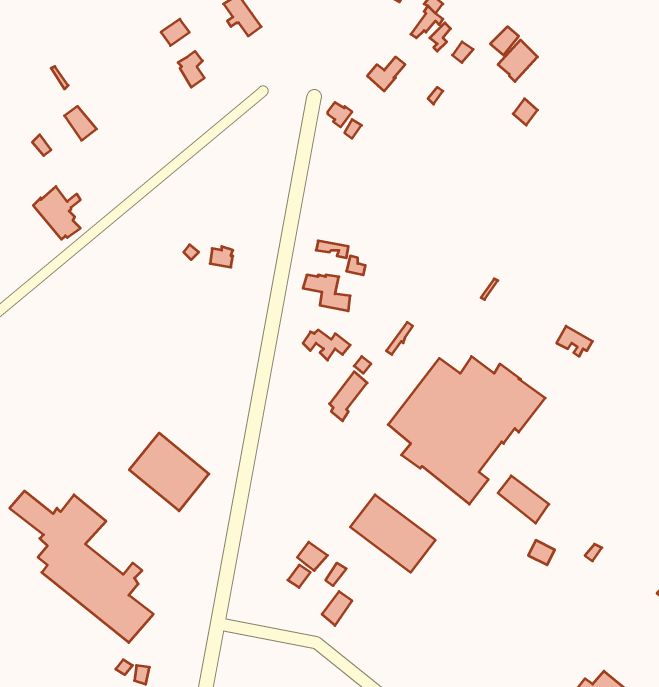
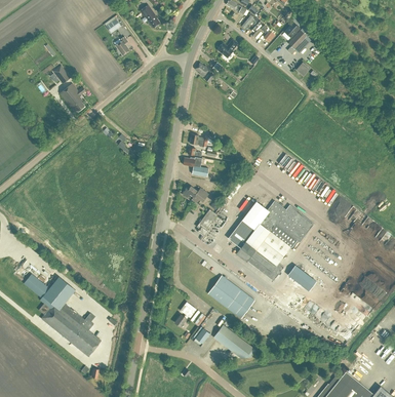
building: [33,186,80,239] -> [60,83,85,112]
building: [129,433,209,511] -> none
building: none -> [213,324,255,358]

